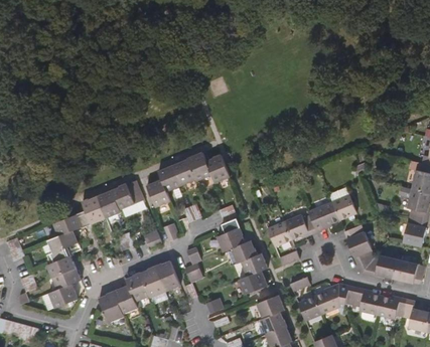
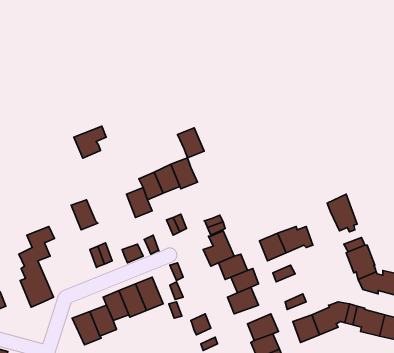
building: [204,156,229,183] -> [178,128,204,158]
building: [110,181,139,210] -> [74,126,106,158]
building: [76,196,105,228] -> none
building: [309,202,339,232] -> none
building: [48,284,77,308] -> none

